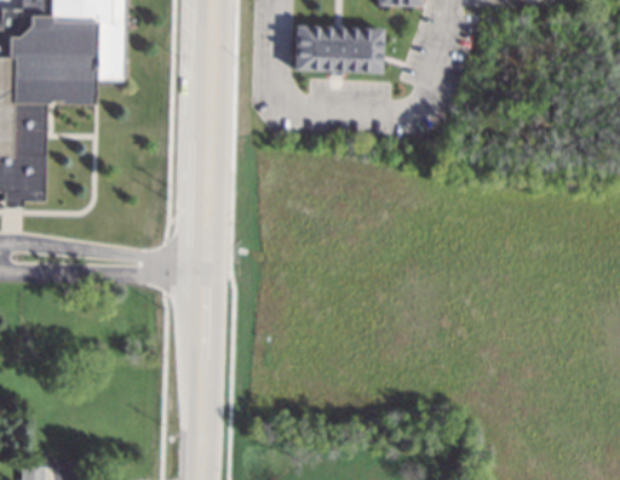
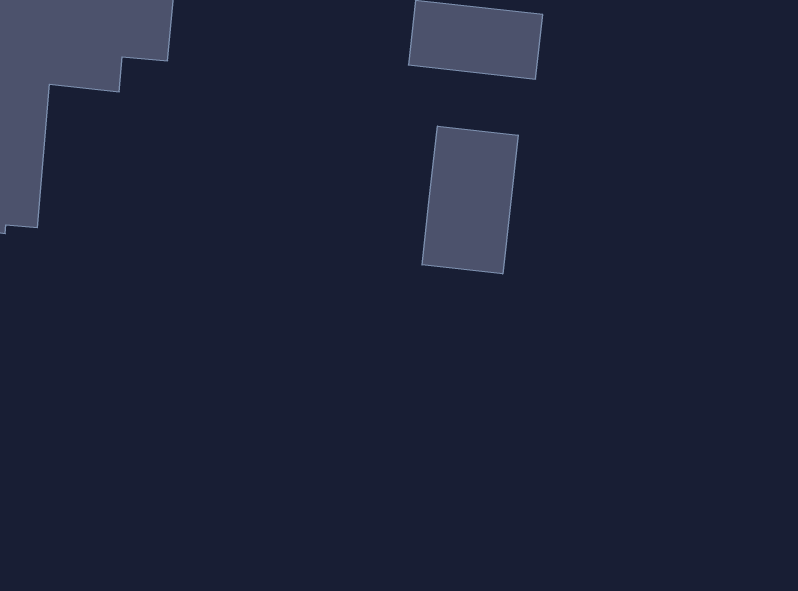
building: none -> [422,126,518,274]

